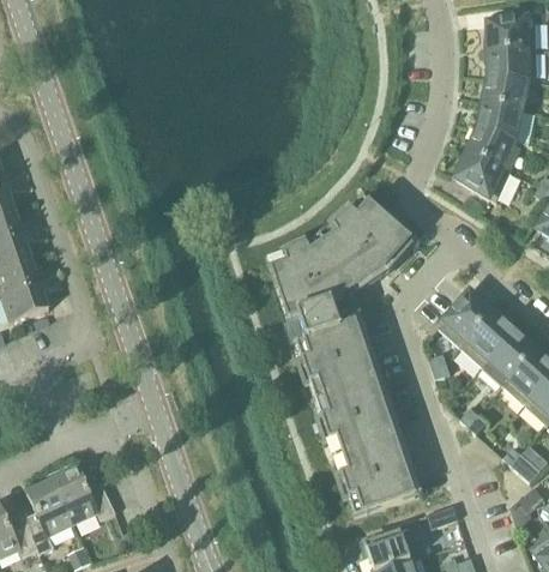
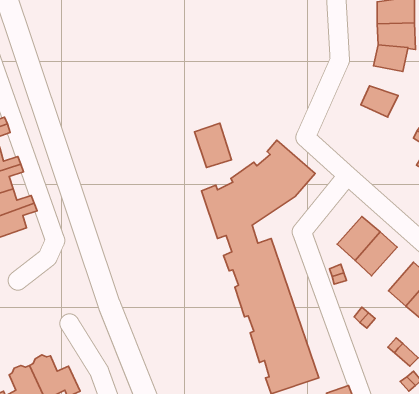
building: [478,103,533,143] -> none
building: [456,152,511,203] -> none
building: none -> [194,123,231,168]
building: [481,331,533,386] -> none

